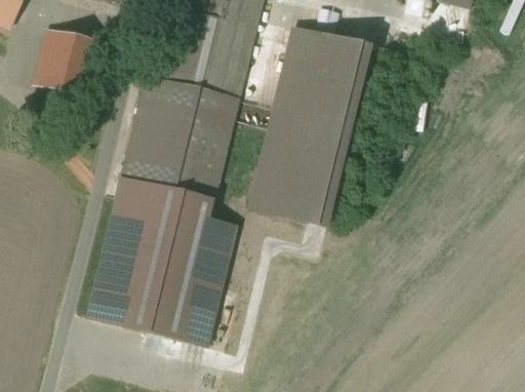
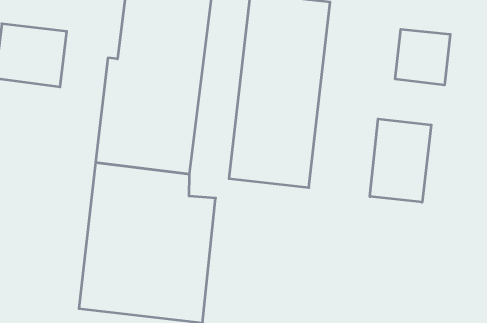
building: none -> [395,29,450,85]
building: none -> [370,119,431,202]

